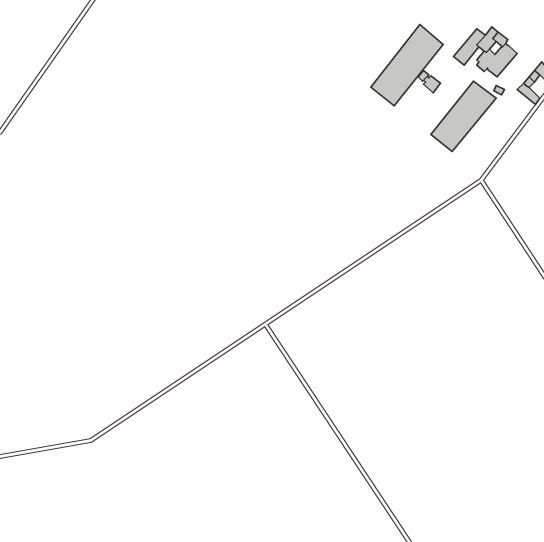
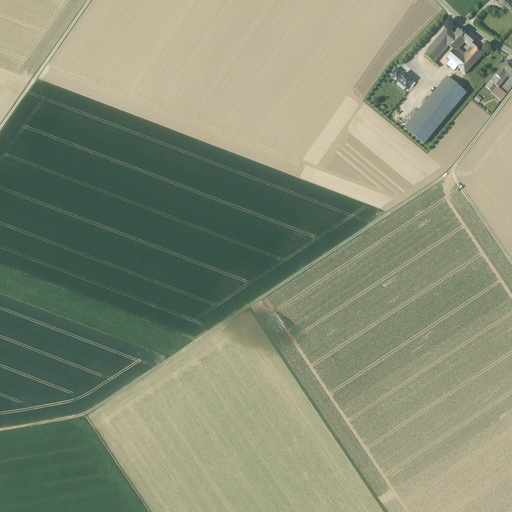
building: [371,25,443,106] -> none

